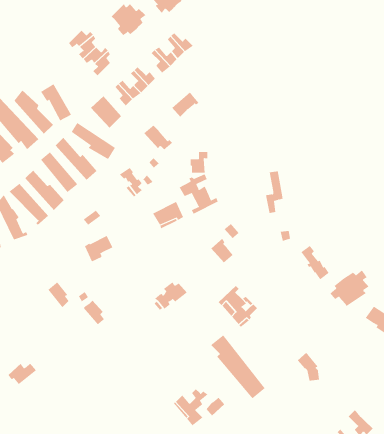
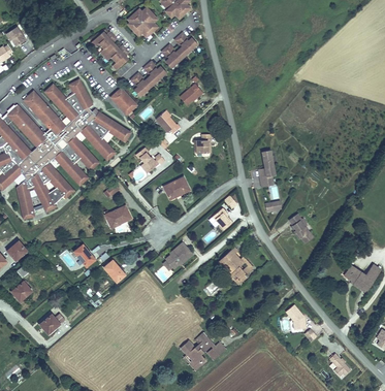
building: [179,173,219,215] -> none
building: [329,270,369,307] -> none
building: [210,334,265,399] -> none

